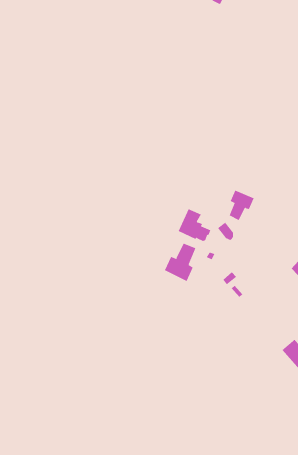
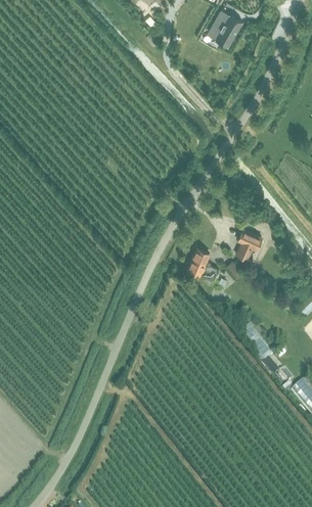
building: [164,243,196,282] -> none

